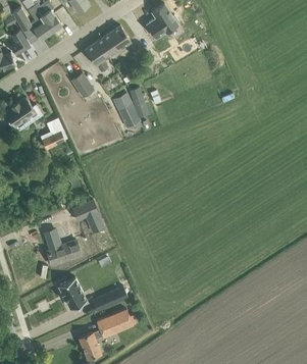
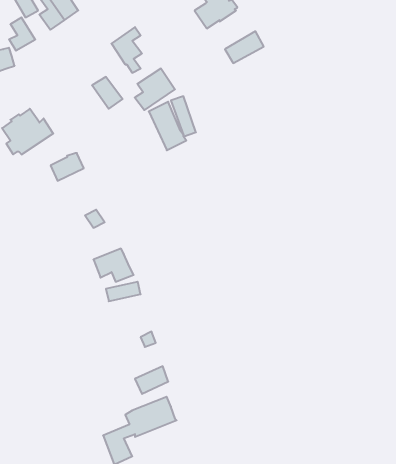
building: [100,24,130,55] -> [135,69,175,110]
building: [44,228,80,262] -> none
building: [57,278,86,310] -> none

